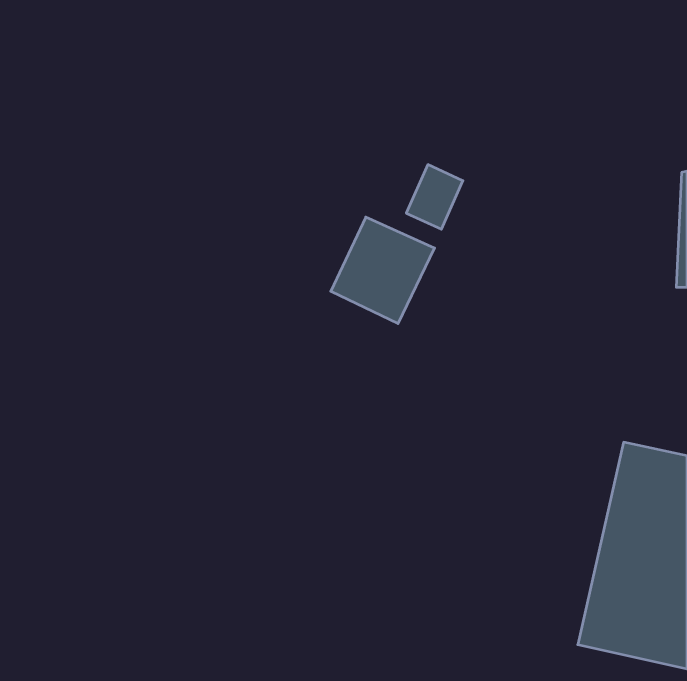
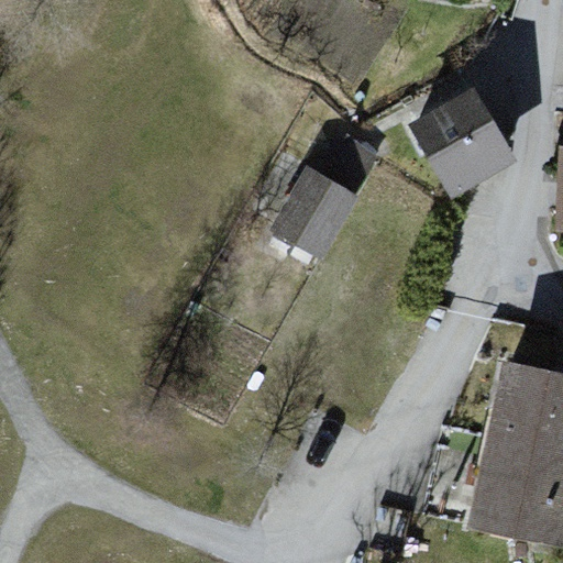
building: none -> [413,85,516,191]

